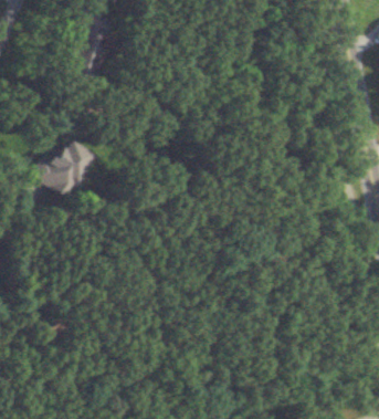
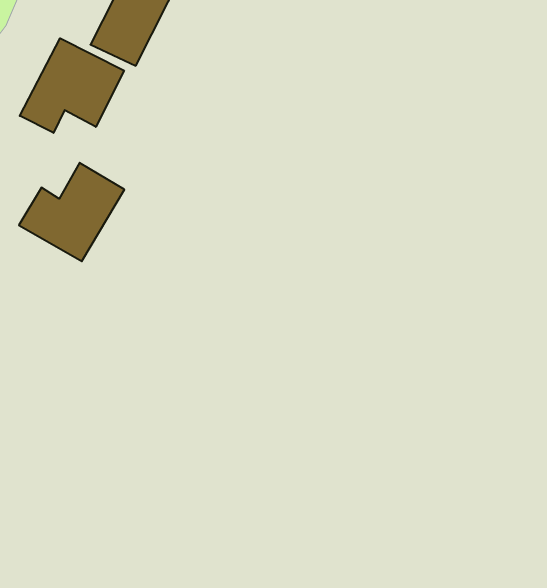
building: none -> [20,38,124,133]

